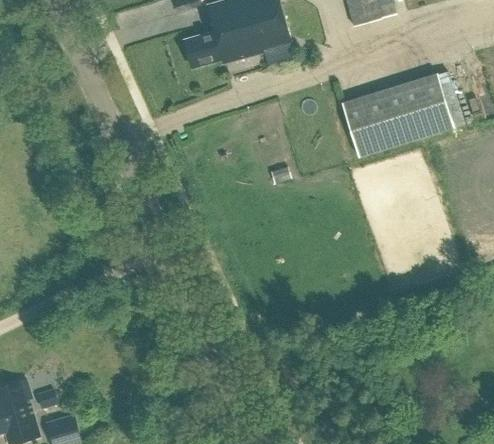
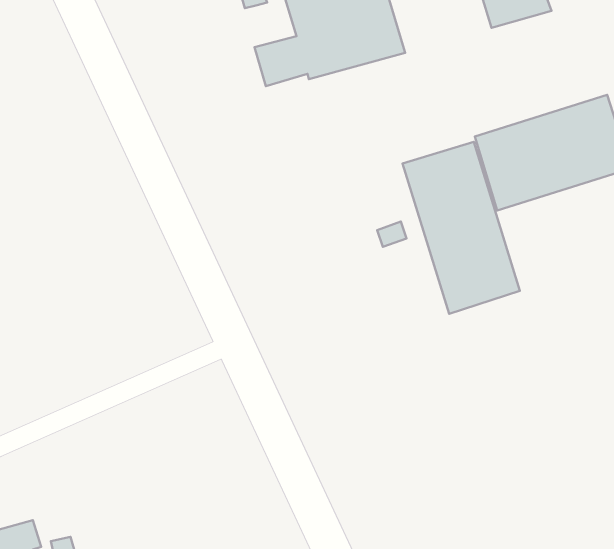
building: none -> [402,142,520,314]

